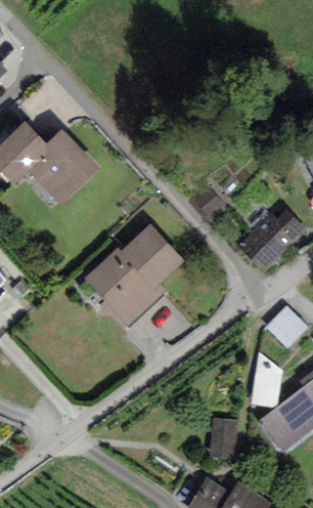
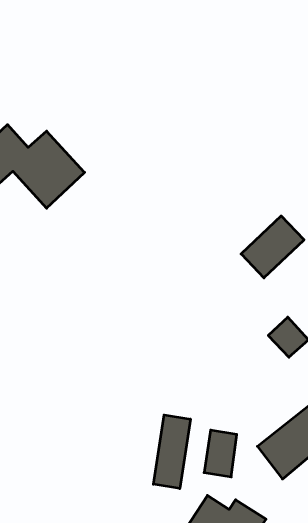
building: [83,228,176,325] -> none
building: [254,349,285,403] -> none
building: none -> [153,415,190,489]

